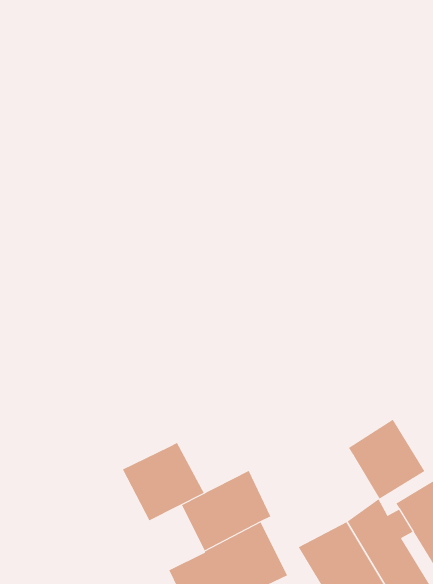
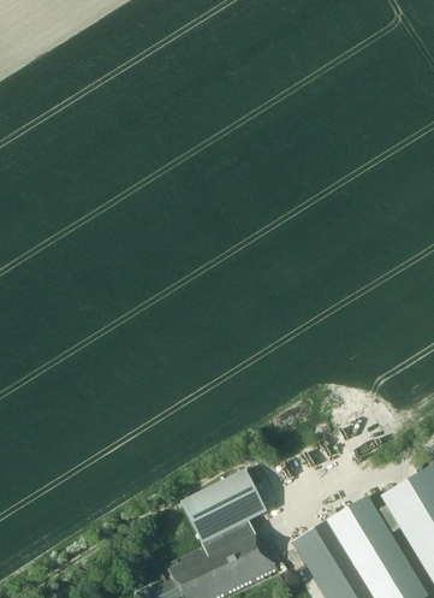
building: [348,419,425,500] -> none
building: [122,442,204,521] -> none

